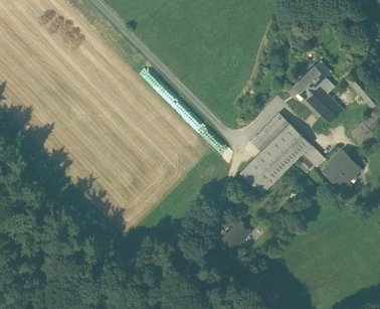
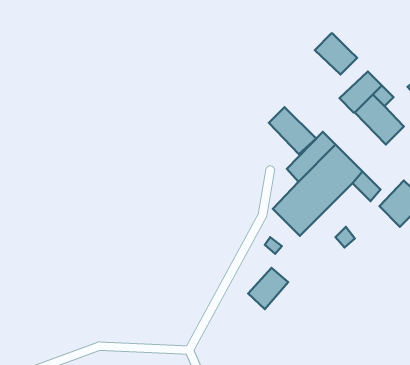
building: none -> [315,33,357,74]
building: none -> [269,107,316,154]

